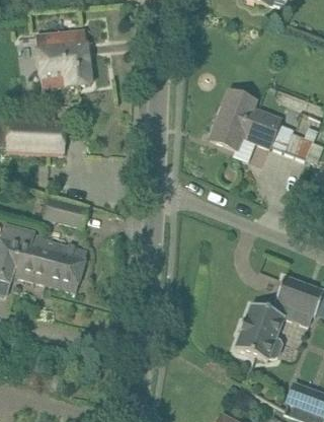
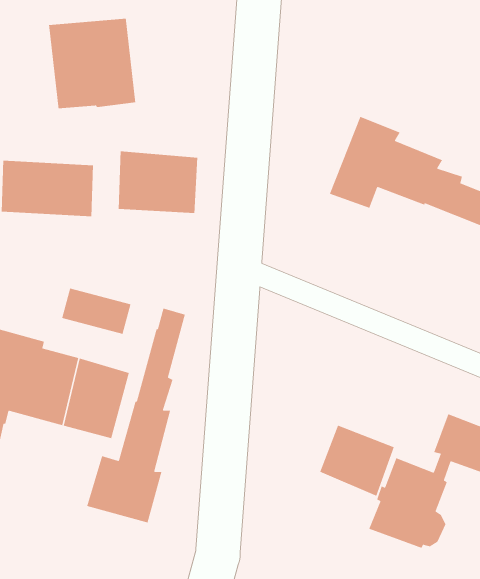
building: none -> [118,151,198,214]
building: none -> [86,308,186,524]
building: none -> [319,425,395,497]

